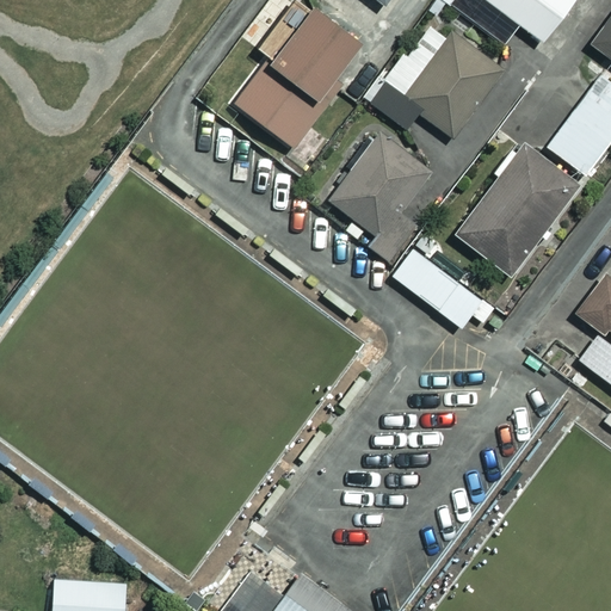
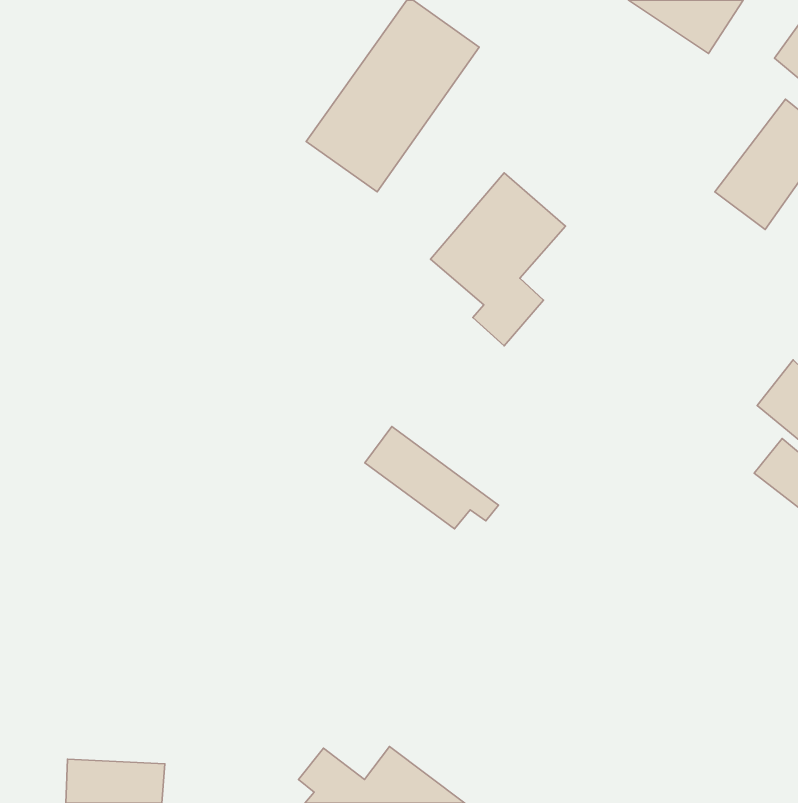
building: [400,33,502,138] -> none
building: [453,144,581,279] -> none
building: [391,249,493,327] -> [365,427,498,529]

